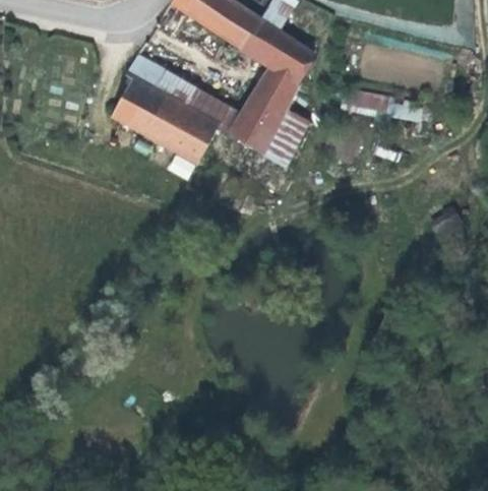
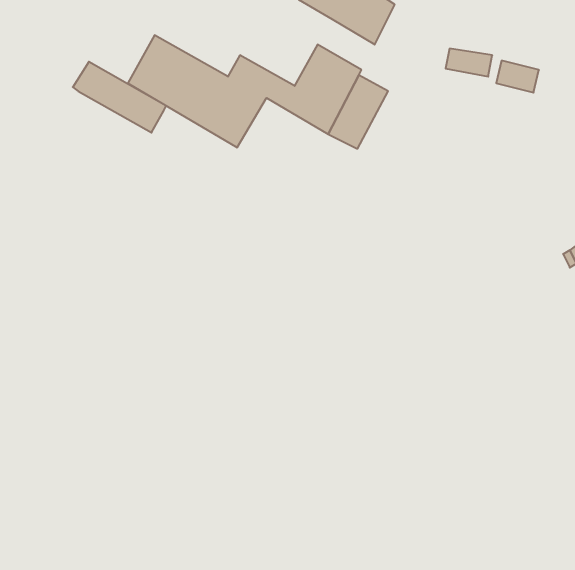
building: [126,55,197,109] -> [73,62,166,133]
building: [254,65,298,104] -> none

